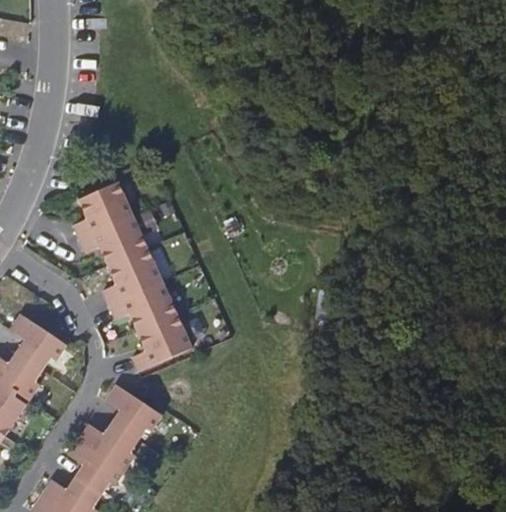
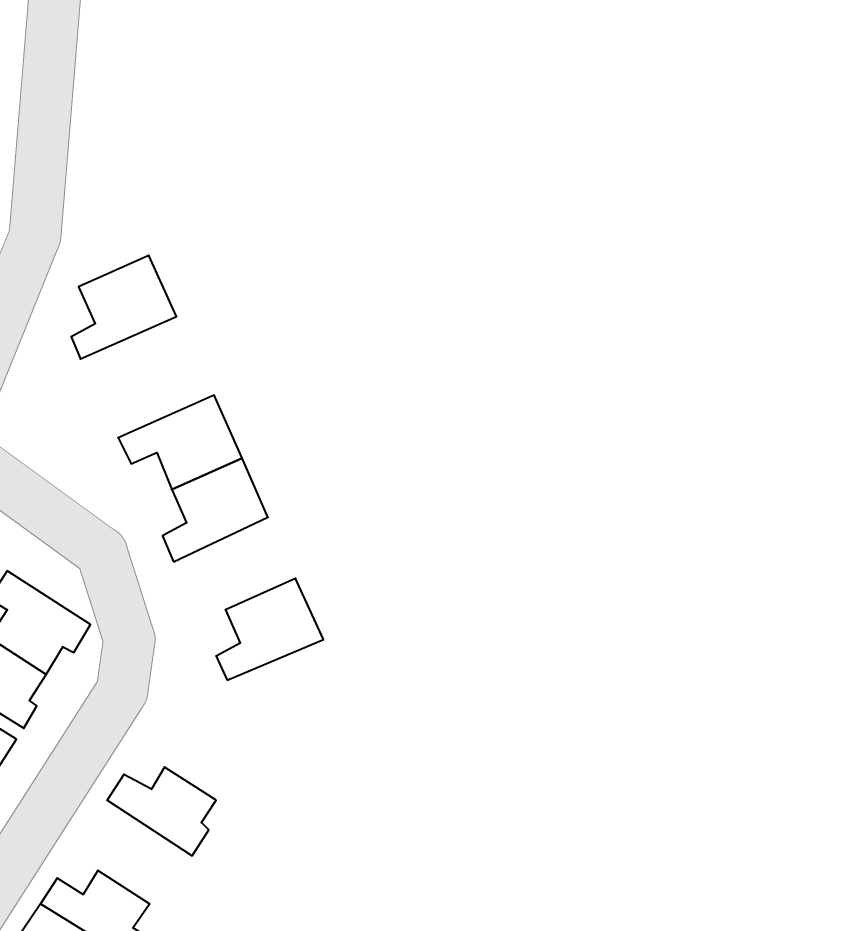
building: [77,186,134,242] -> [71,255,177,359]
building: [112,285,178,335] -> none
building: [101,384,157,438] -> none
building: [66,438,122,494] -> none

